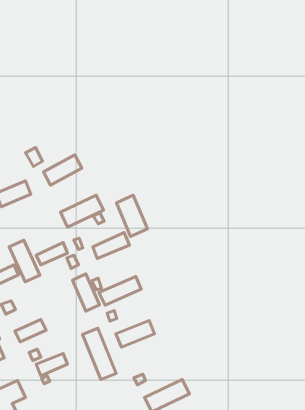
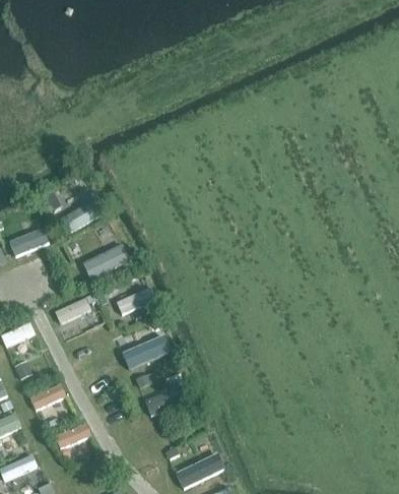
building: [116,195,147,236] -> none
building: [9,240,40,282] -> none
building: [72,274,99,311] -> none
building: [83,328,116,380] -> none

